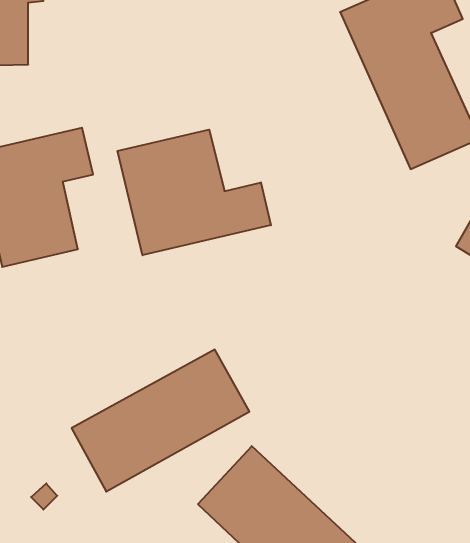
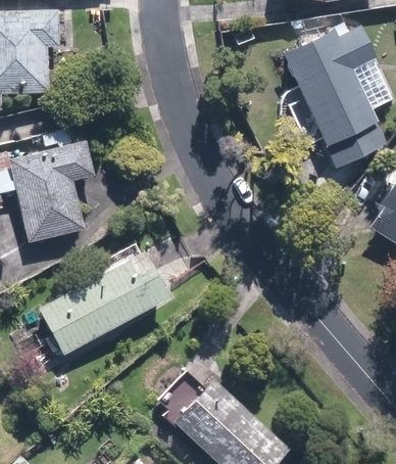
building: [118,130,271,255] -> none
building: [72,350,249,492] -> [40,247,171,353]

